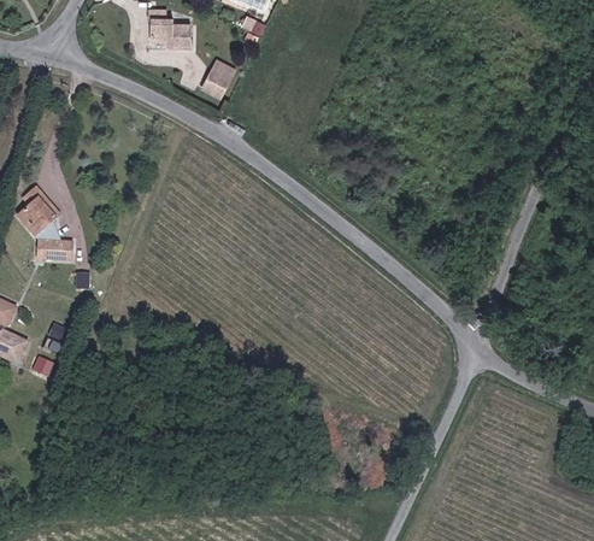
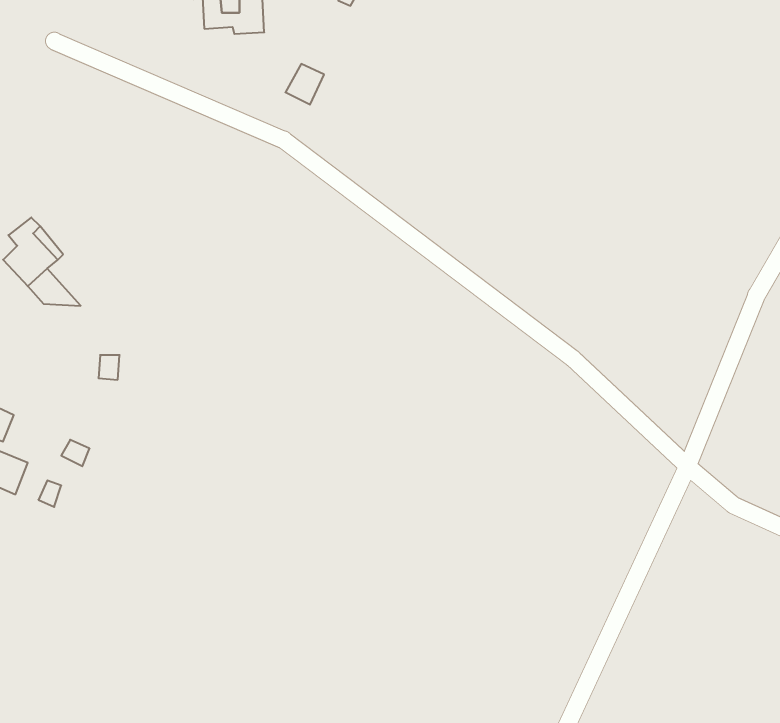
building: [37,234,76,254] -> none

